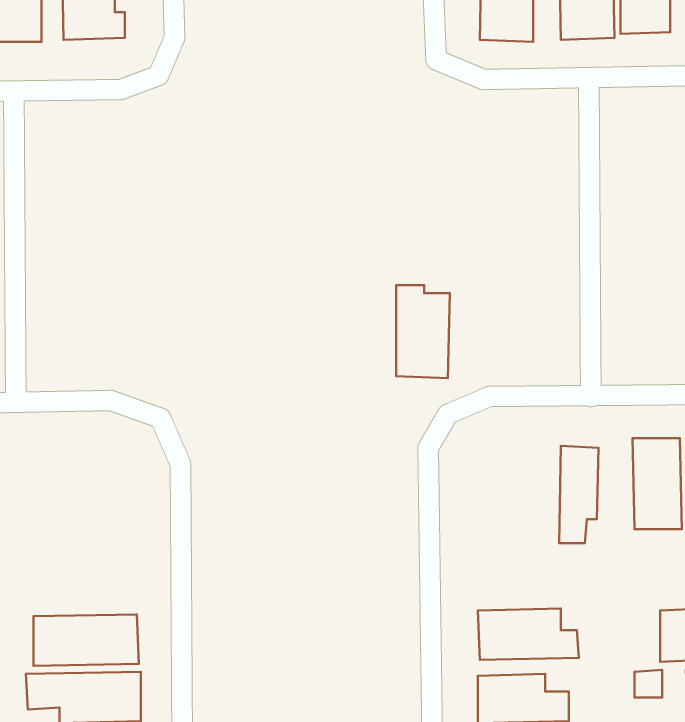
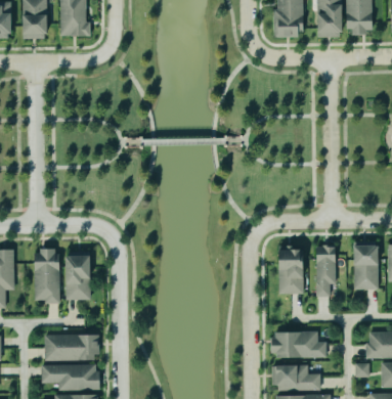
building: [396,285,450,378] -> [277,247,305,295]
building: none -> [33,249,59,302]
building: none -> [66,257,91,299]

